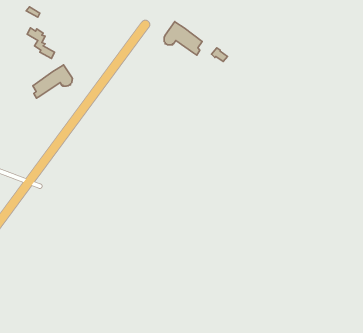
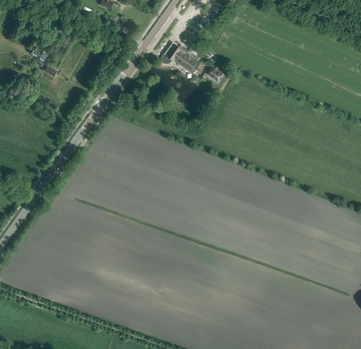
building: [33,65,72,98] -> none

